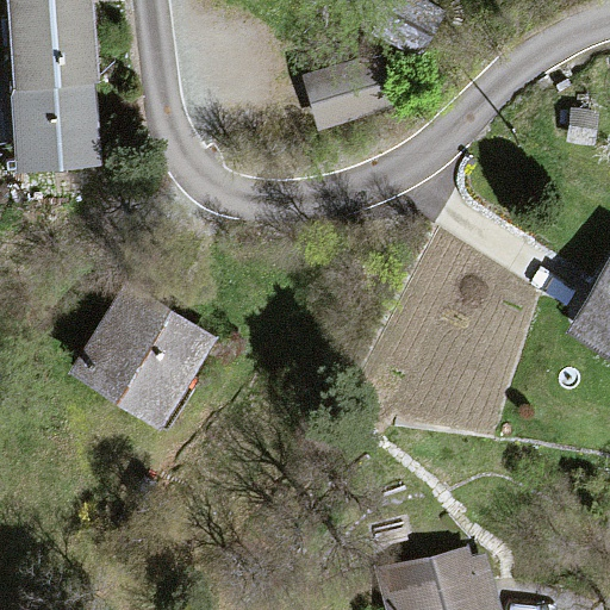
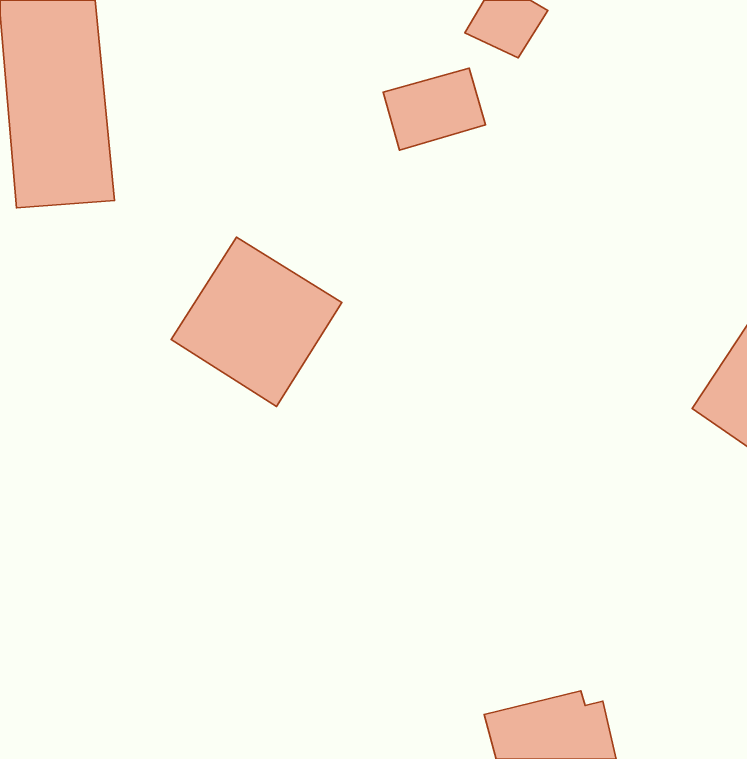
building: [69,287,206,423] -> [171,237,342,406]

